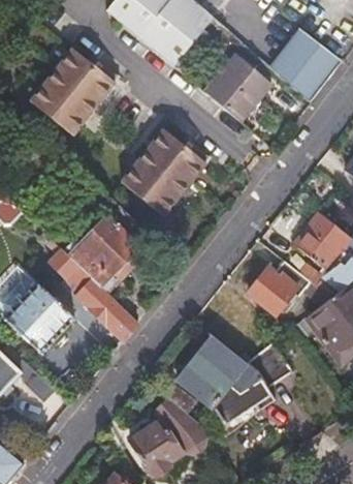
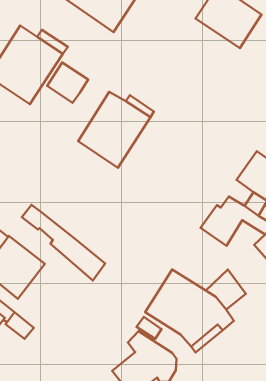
building: [207,55,270,120] -> none
building: none -> [47,63,88,103]
building: [71,207,151,292] -> none

